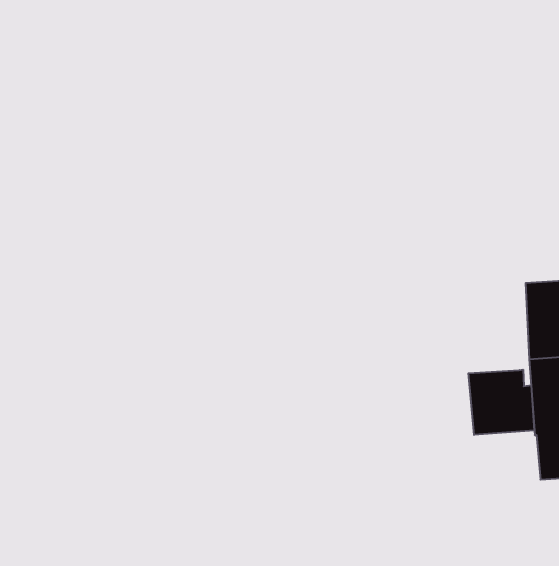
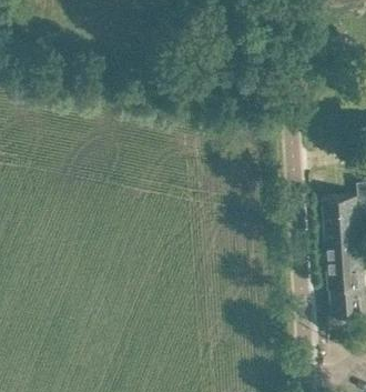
building: [468,370,534,435] -> none

